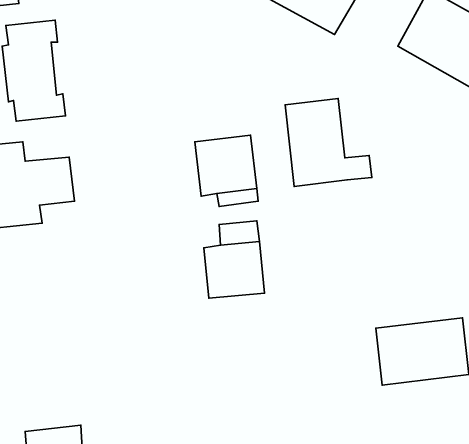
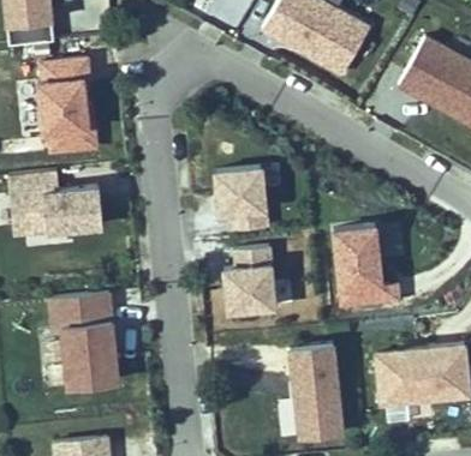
building: [285,98,372,186] -> [332,226,412,307]
building: none -> [48,296,117,391]
building: none -> [290,344,350,436]

